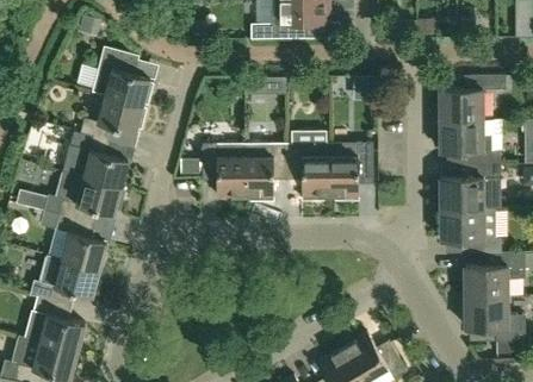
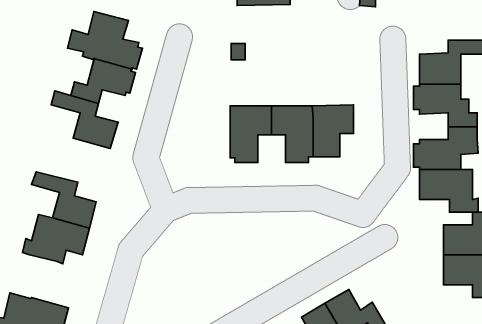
building: [202,143,244,196] -> none
building: [17,171,125,221] -> none
building: [30,296,85,351] -> none

